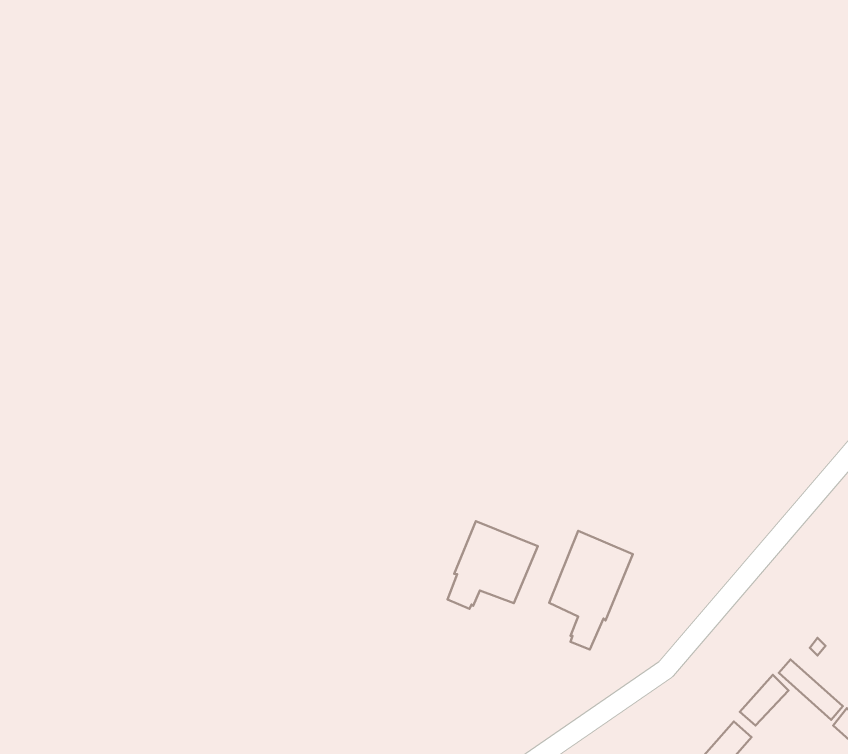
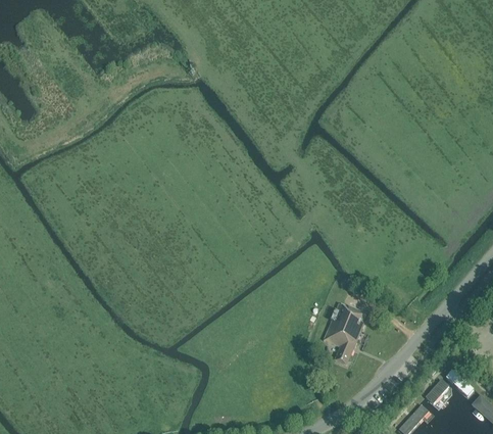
building: [448,521,538,609] -> none

